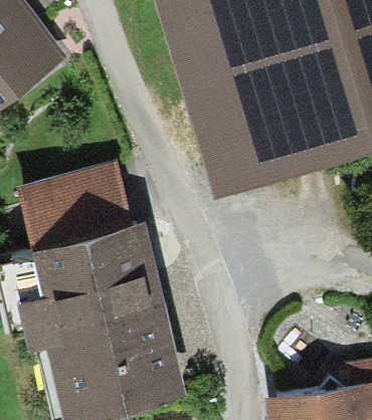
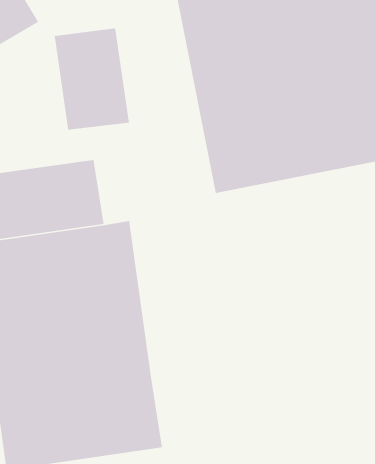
building: none -> [54,27,130,131]

